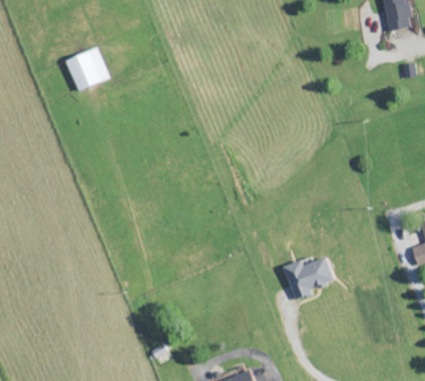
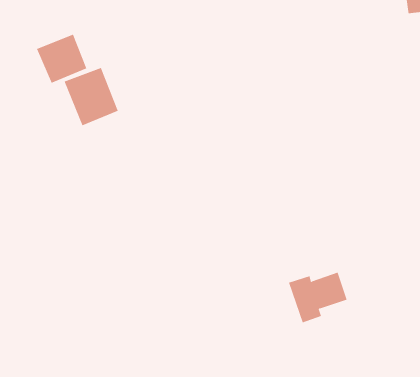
building: none -> [64,67,119,126]

